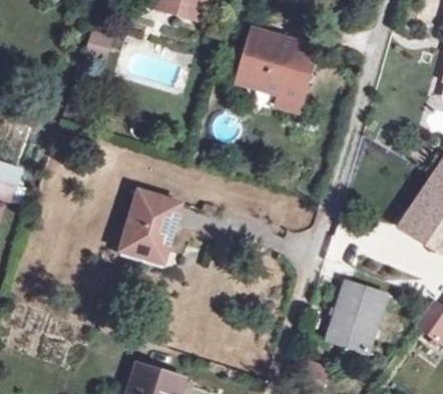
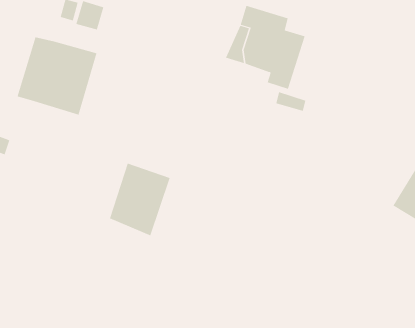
building: none -> [17,37,97,115]
building: [334,279,395,350] -> none

